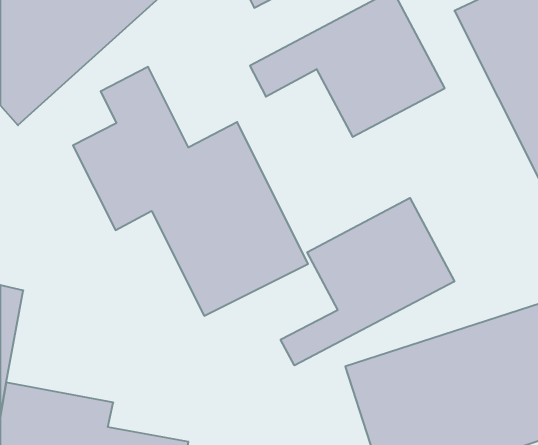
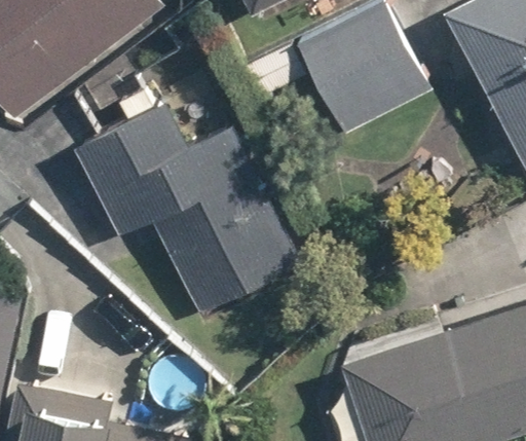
building: [281,198,454,365] -> none

